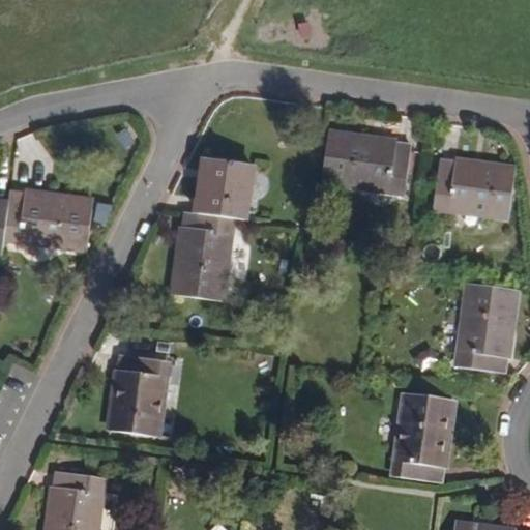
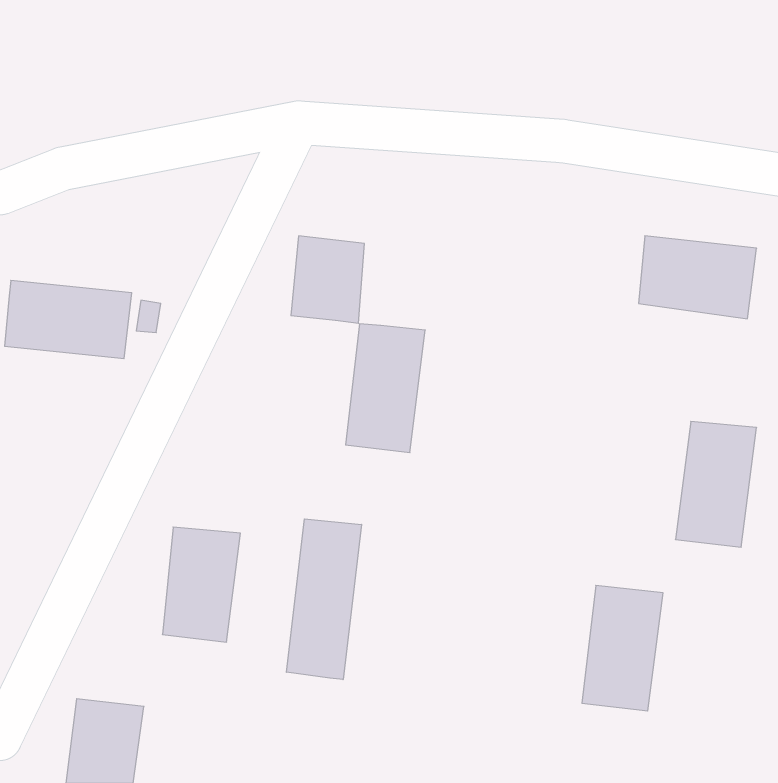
building: [325,135,410,189] -> none
building: [176,212,230,299] -> [346,324,425,453]
building: none -> [286,519,362,680]

